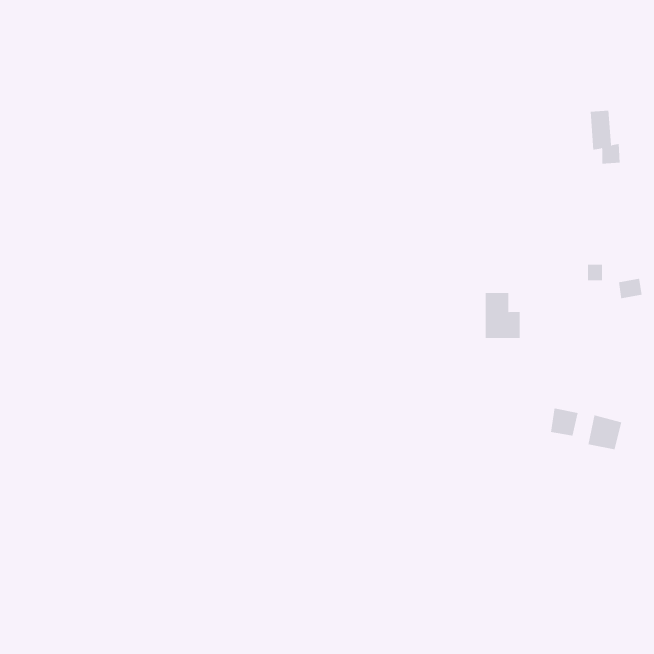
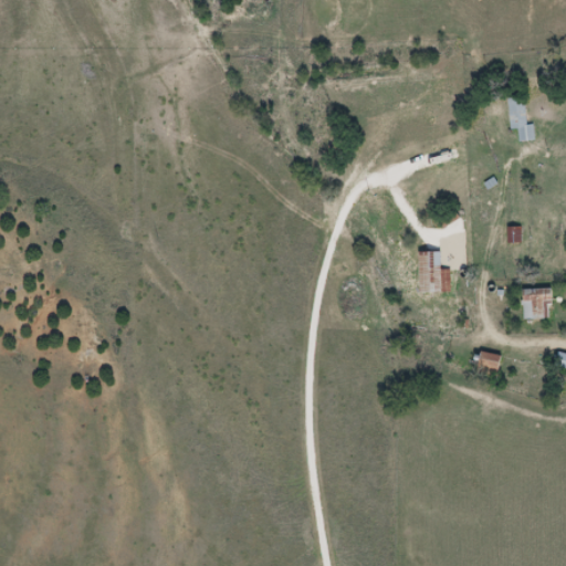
building: none -> [520,287,547,318]
building: [588,414,622,450] -> none

